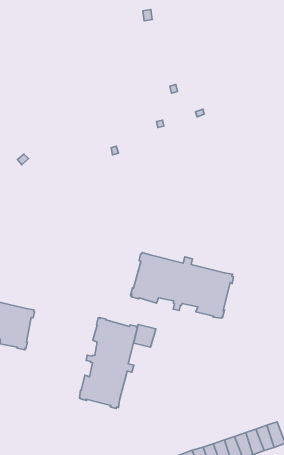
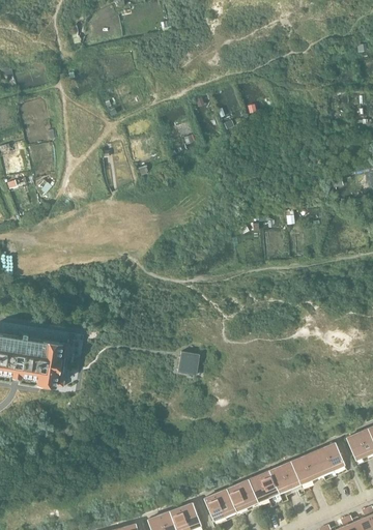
building: [131,252,234,318] -> none
building: [79,317,138,408] -> none

